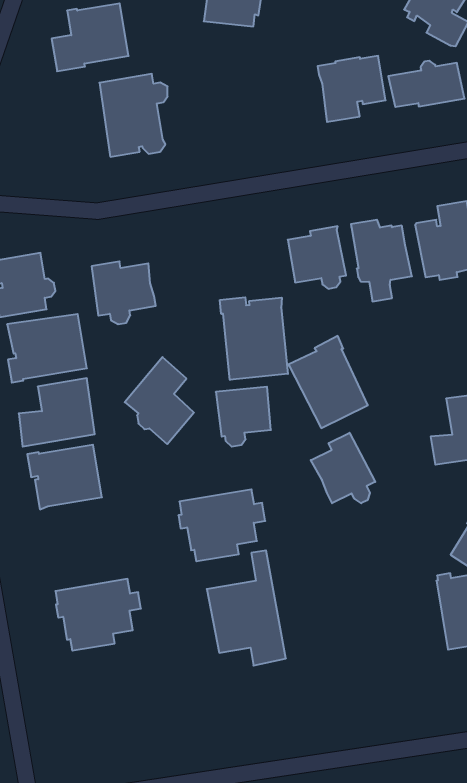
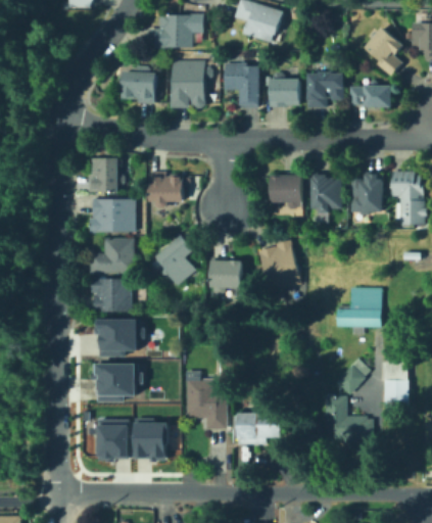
building: none -> [225,63,258,107]
building: none -> [269,73,300,107]
building: none -> [122,72,157,103]
building: [220,297,288,380] -> none
building: [311,433,375,503] -> none
building: [178,489,265,561] -> [94,319,146,356]
building: none -> [232,412,282,444]
building: none -> [135,423,169,462]
building: none -> [98,419,130,462]

